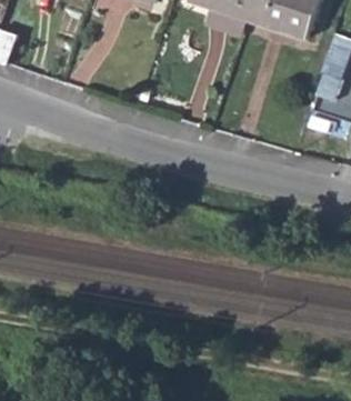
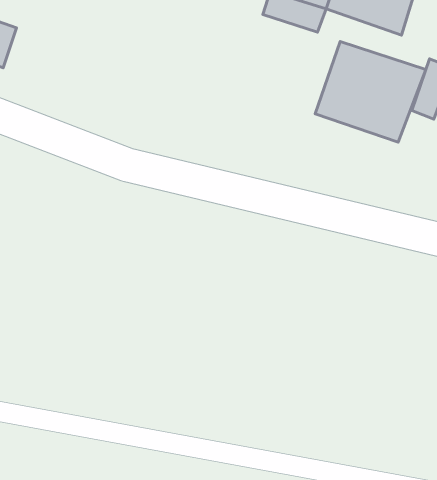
building: none -> [315,42,426,142]

